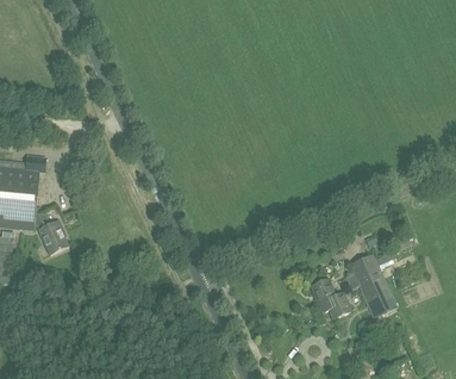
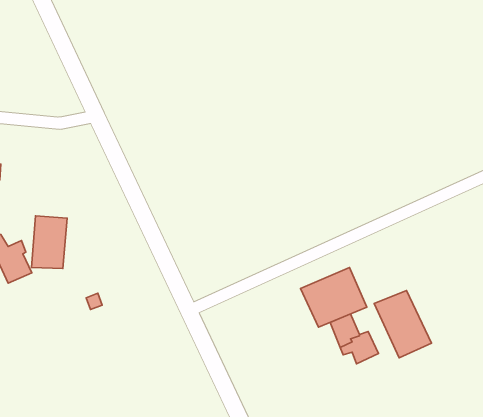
building: none -> [31,216,67,269]
building: none -> [300,268,367,327]

